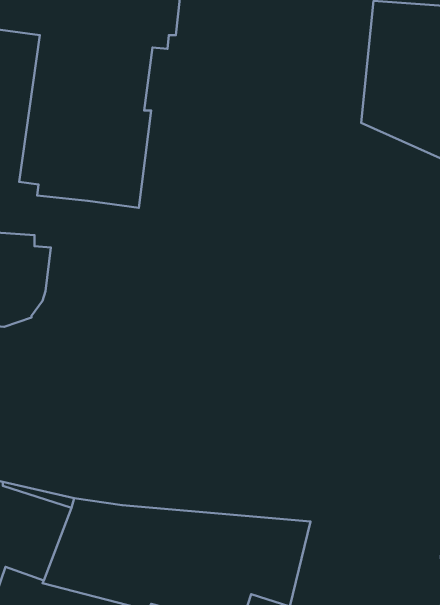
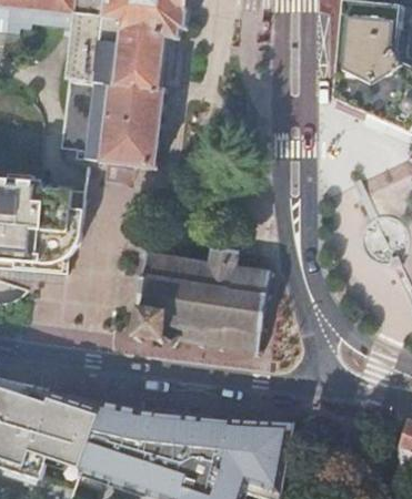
building: none -> [131,247,269,354]

